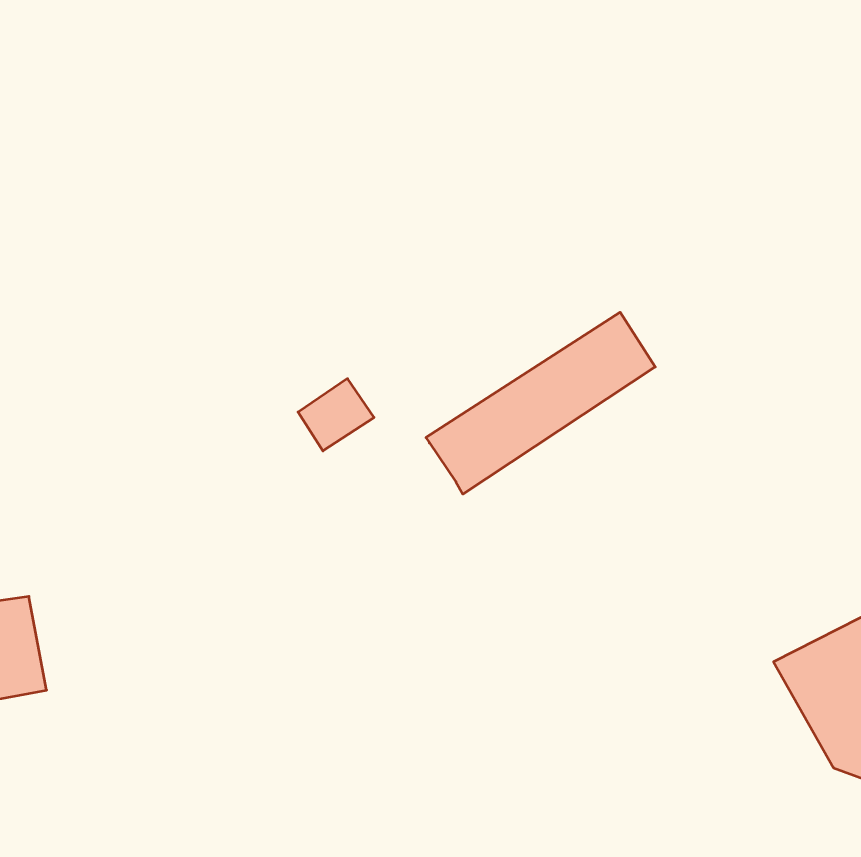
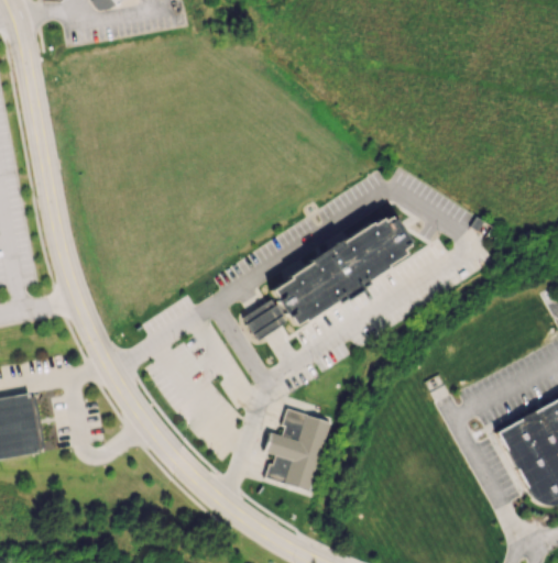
building: [298,379,374,451] -> [244,294,292,339]
building: none -> [263,405,333,490]

